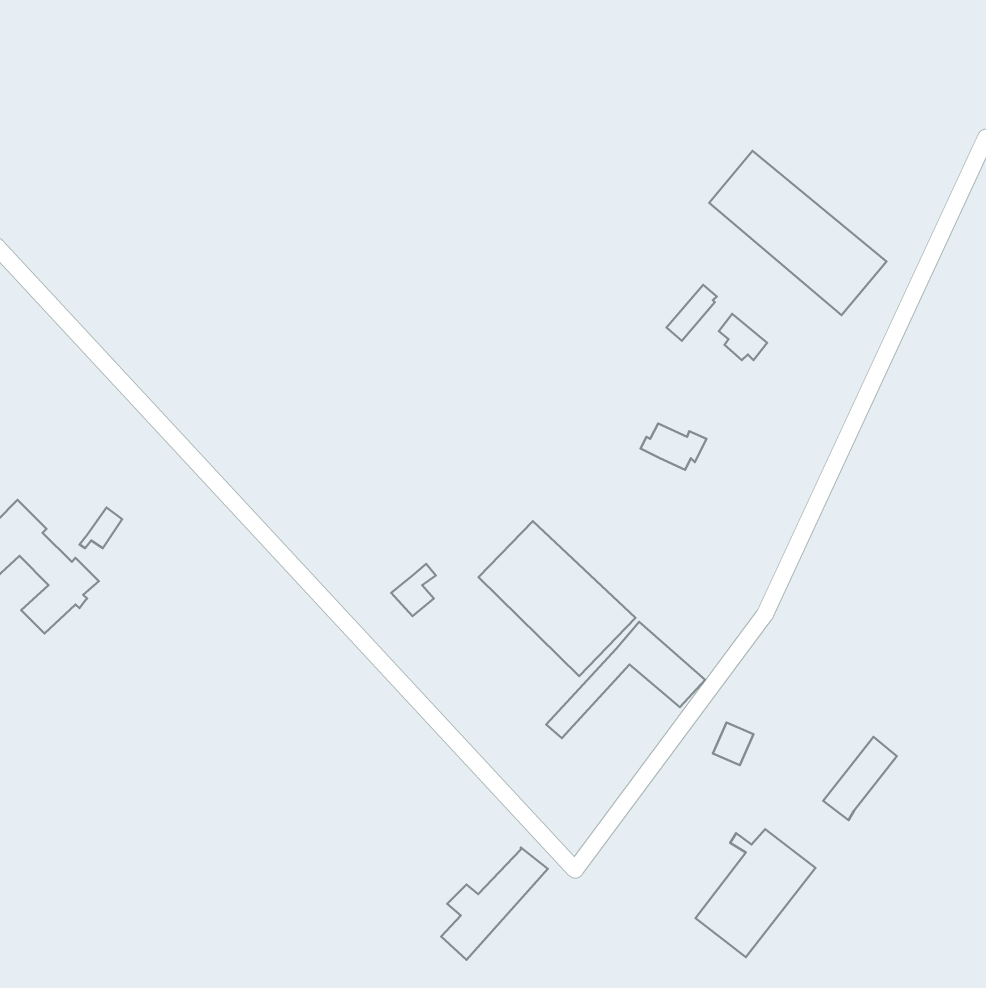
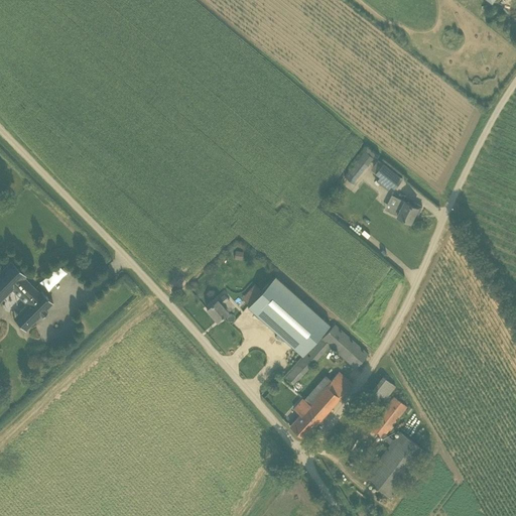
building: [709,151,886,315] -> none
building: [641,423,706,470] -> [386,199,420,223]
building: [823,737,897,820] -> [367,396,405,439]
building: [441,848,548,960] -> [288,380,344,438]

